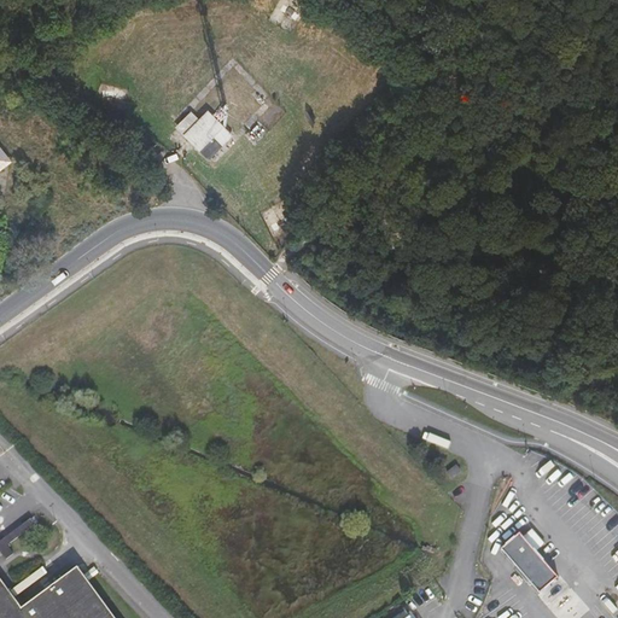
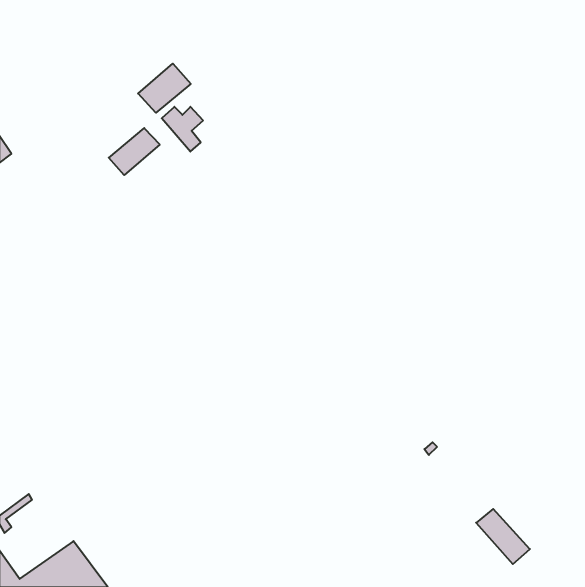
building: none -> [138,64,191,113]
building: none -> [109,128,160,175]

